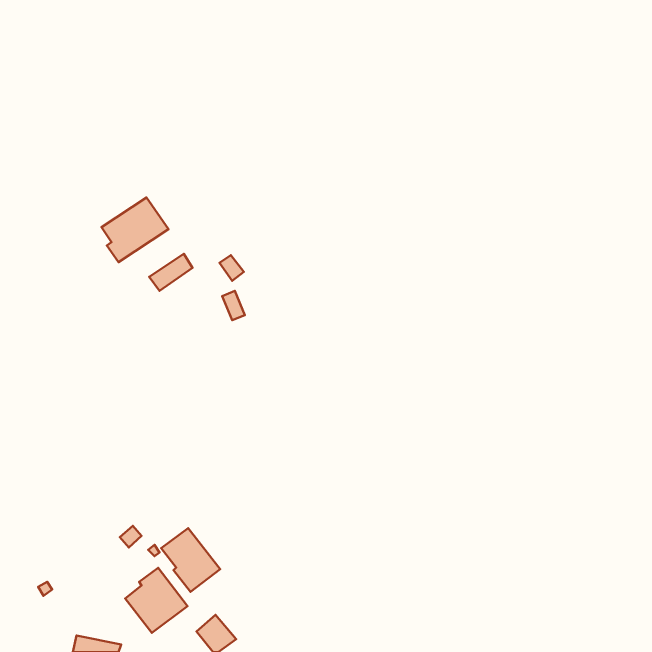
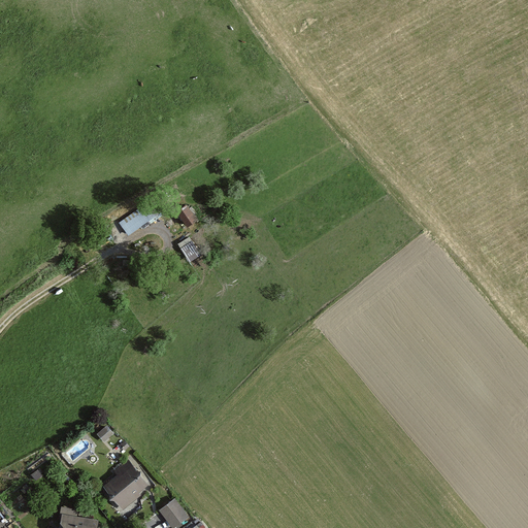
building: [101,197,168,262] -> none
building: [161,528,220,592] -> none

